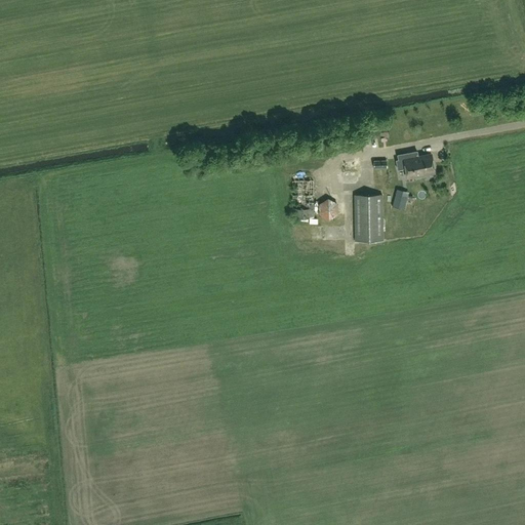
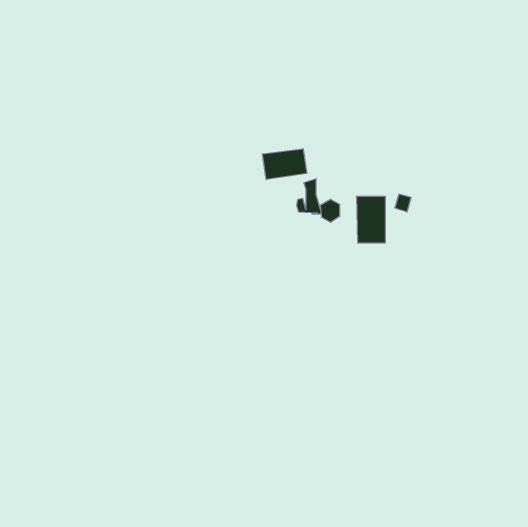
building: none -> [262,149,307,180]
building: [396,152,435,179] -> none

